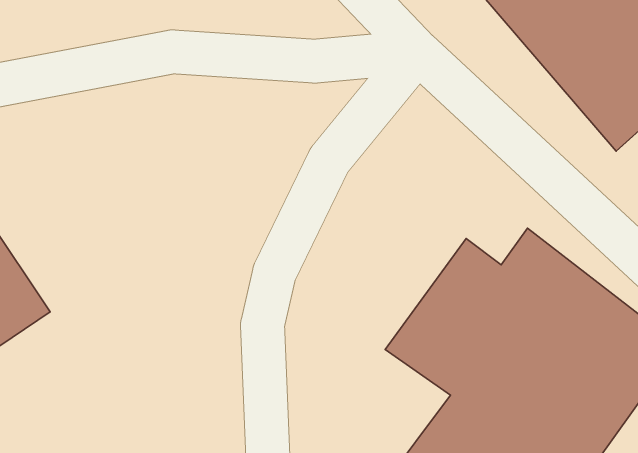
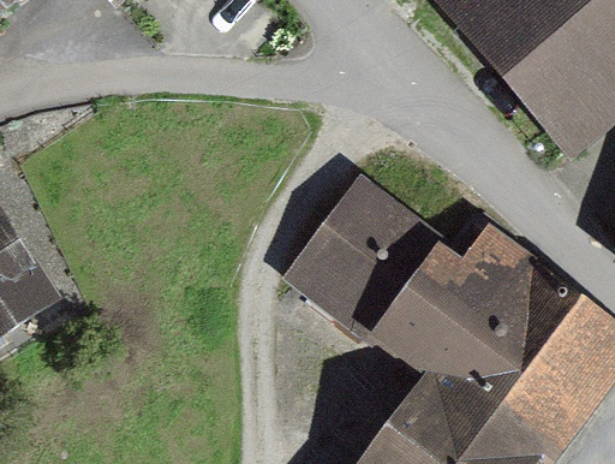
building: none -> [287,179,442,340]

